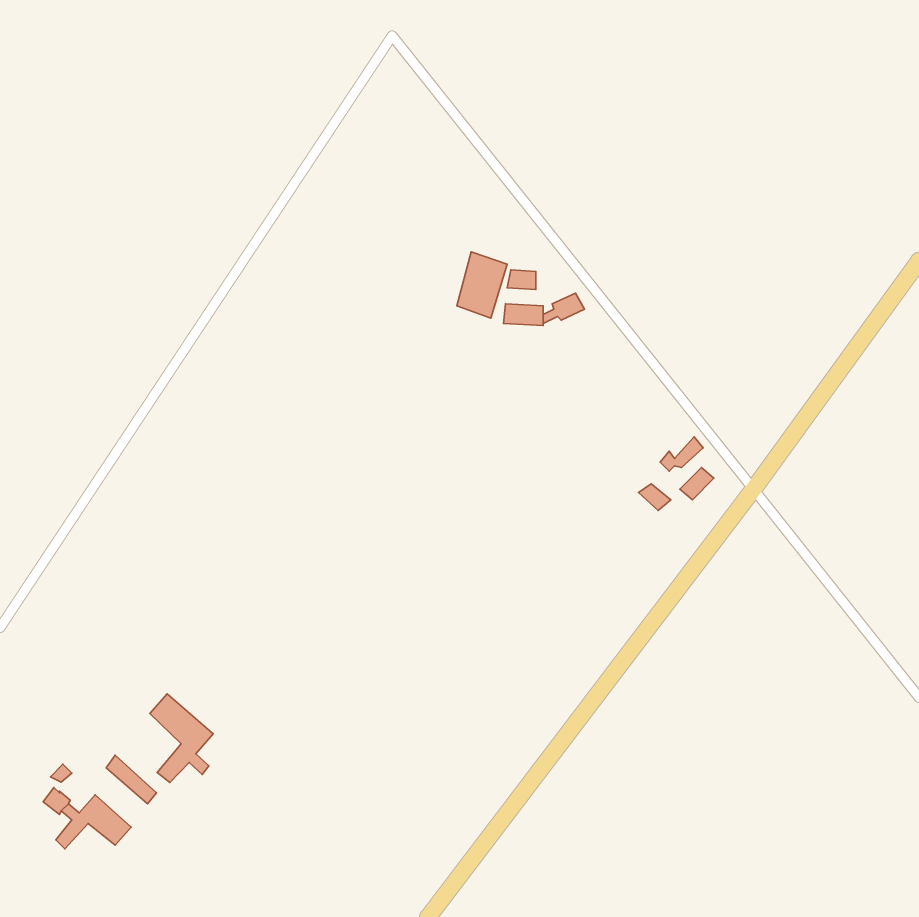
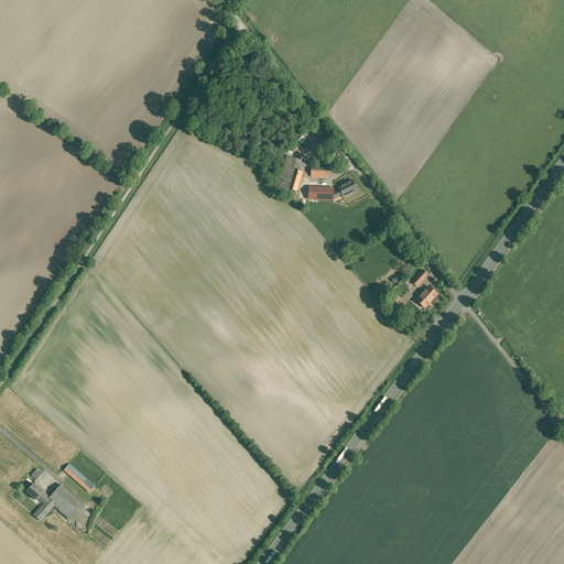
building: [150,694,213,783] -> none

